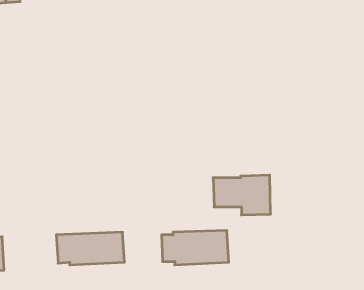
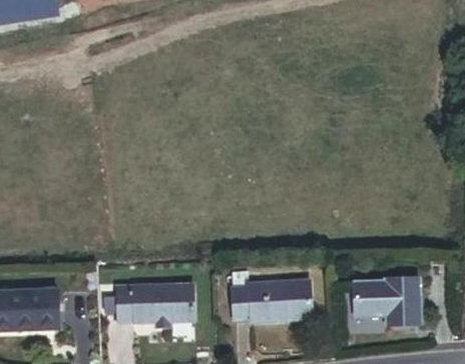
building: [213,175,271,215] -> [350,279,415,324]

